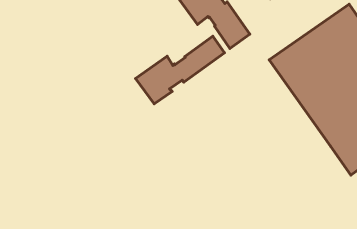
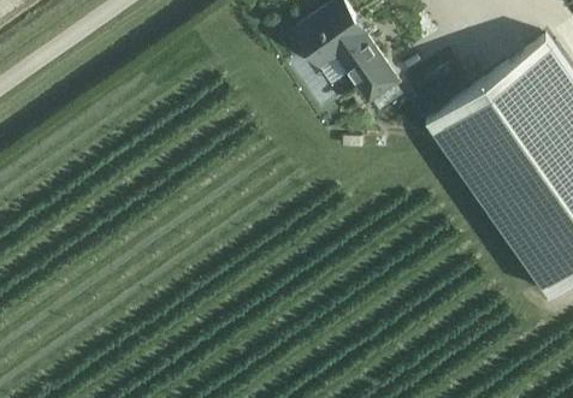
building: [135,36,224,104] -> none

